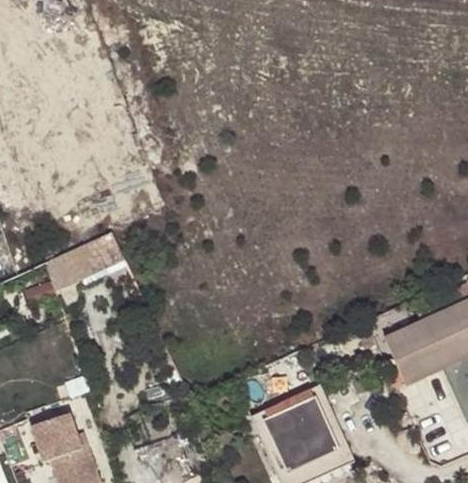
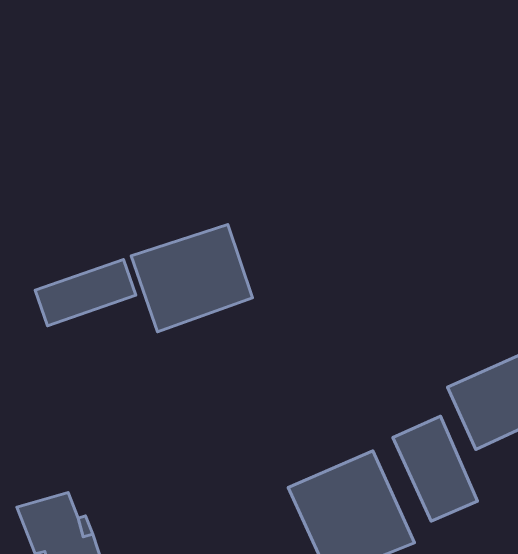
building: none -> [131,224,253,332]
building: none -> [393,416,478,521]

